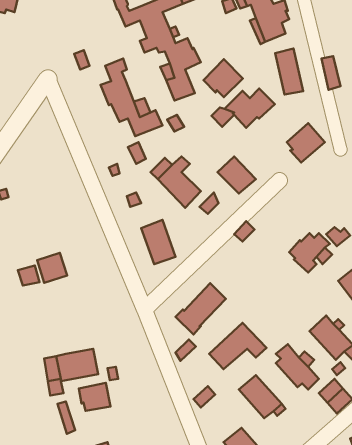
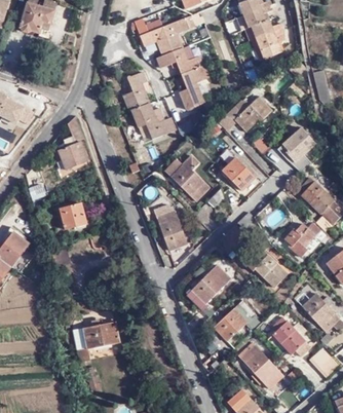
building: [275,48,303,95] -> none
building: [204,59,243,97] -> none
building: none -> [58,116,87,170]
building: none -> [301,180,333,215]
building: [37,253,67,283] -> [61,202,86,228]
building: none -> [239,250,288,287]
building: [79,383,110,411] -> none

